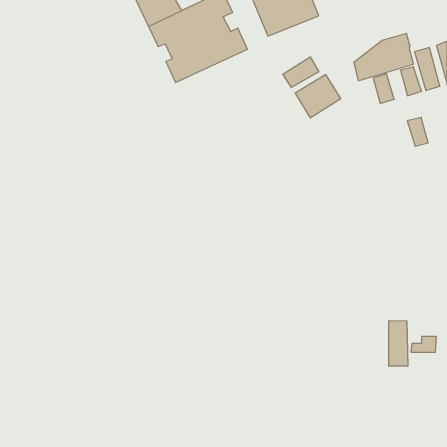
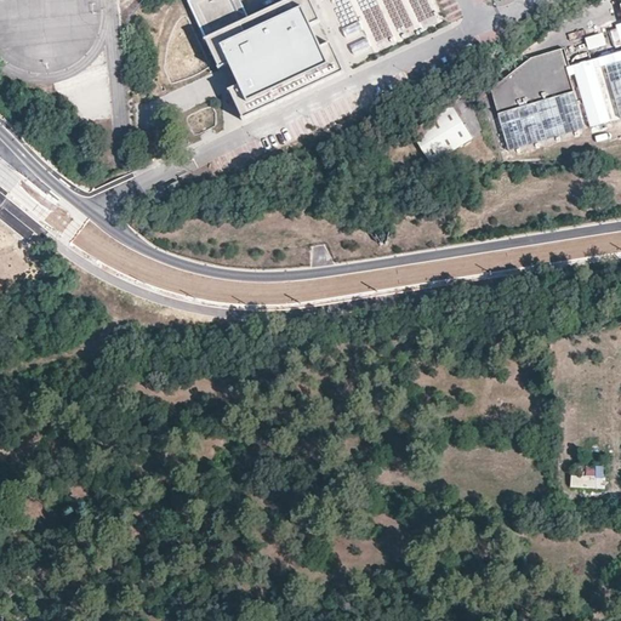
building: [283,57,319,88] -> none
building: none -> [496,108,525,148]
building: [407,117,428,146] -> [534,97,563,137]
building: [389,321,408,366] -> none

